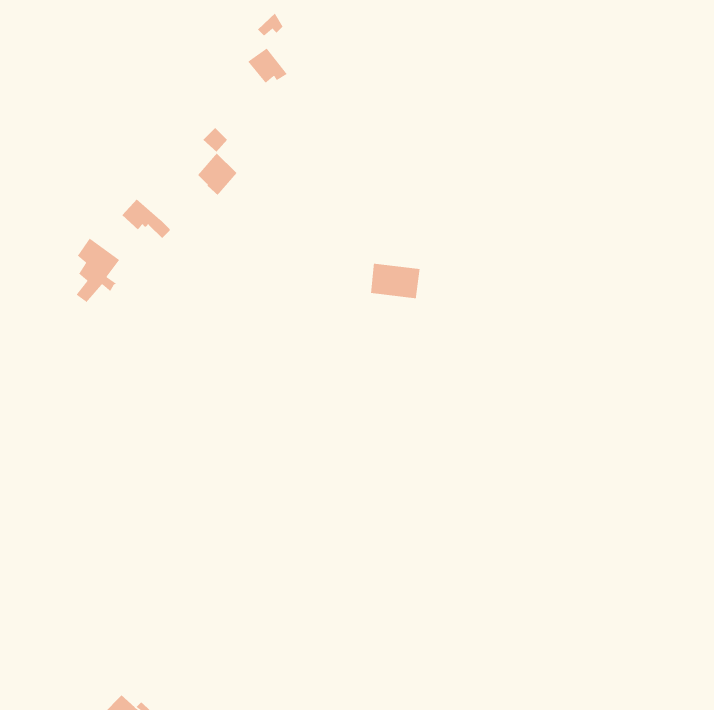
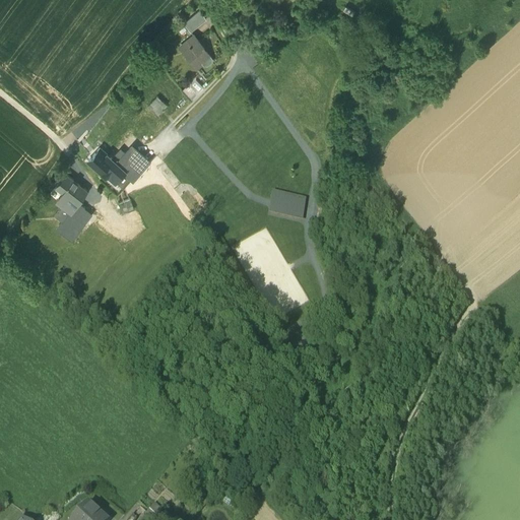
building: [197,152,238,196] -> [117,146,146,178]
building: none -> [57,210,91,242]

